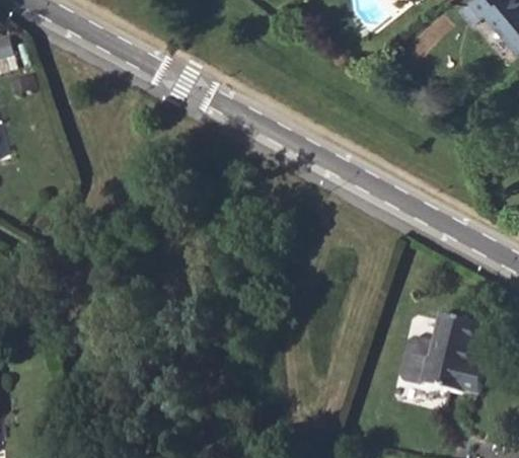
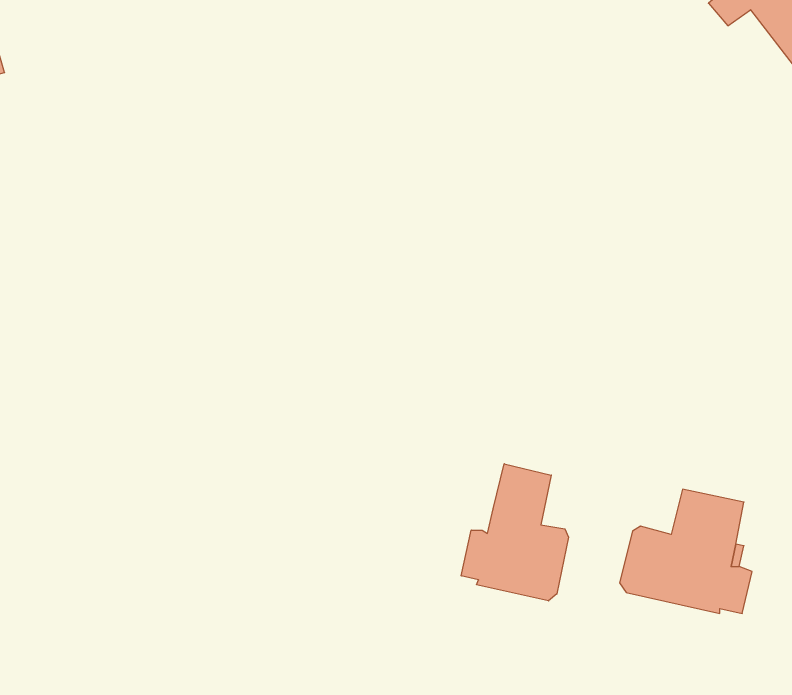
building: none -> [461,464,569,601]

